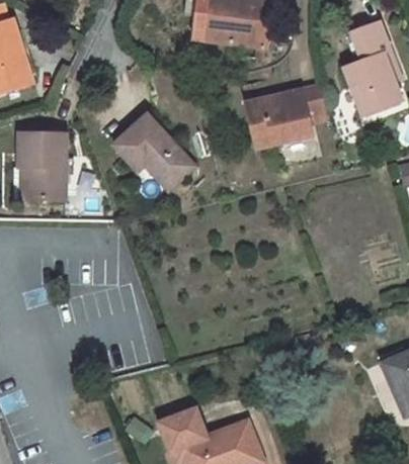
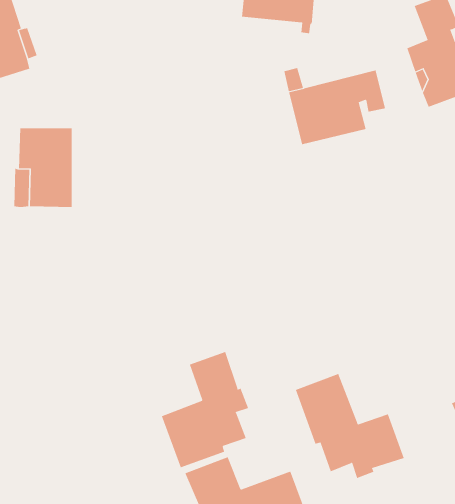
building: [113,113,194,189] -> none
building: none -> [161,351,249,468]
building: none -> [295,373,404,479]

